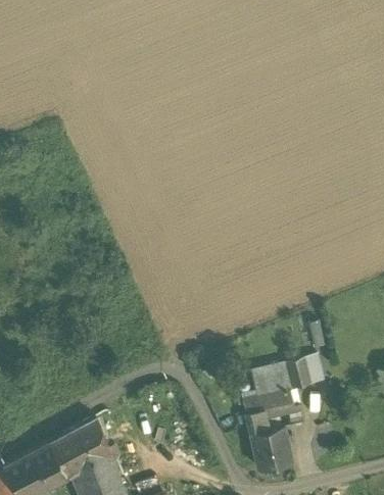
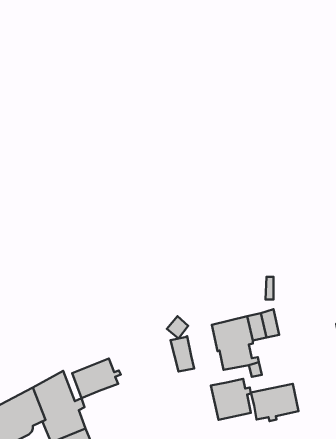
building: [243,397,268,434] -> [171,336,194,372]
building: none -> [72,359,121,398]
building: none -> [251,384,298,421]

